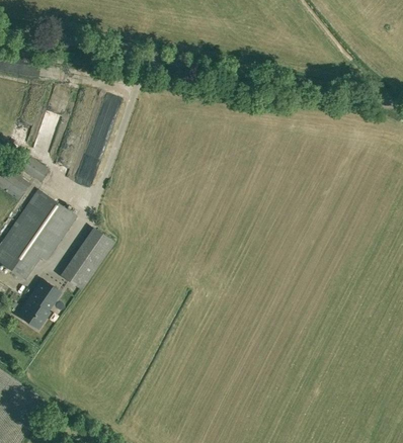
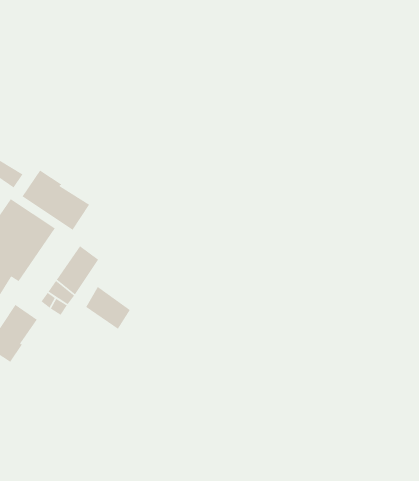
building: none -> [21,170,90,231]
building: none -> [85,286,131,330]

